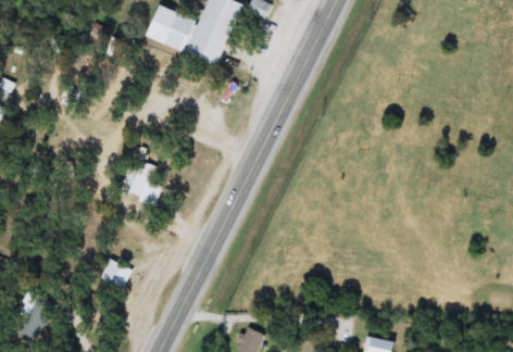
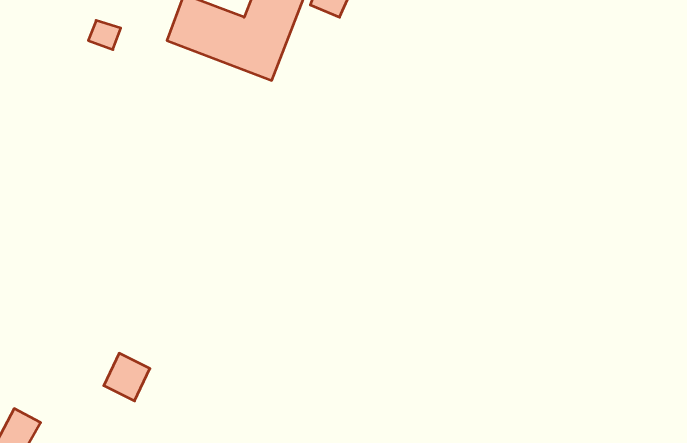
building: [120,156,164,206] -> none

